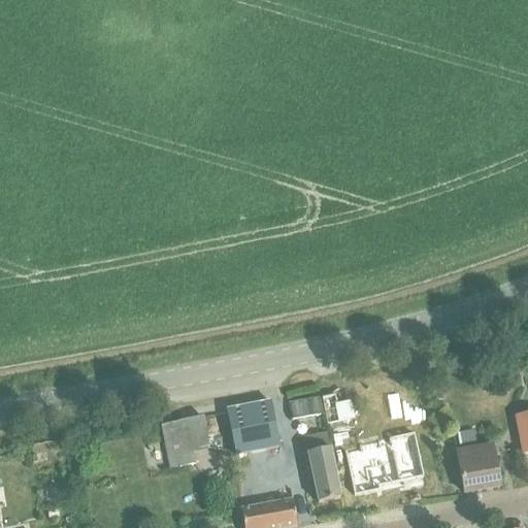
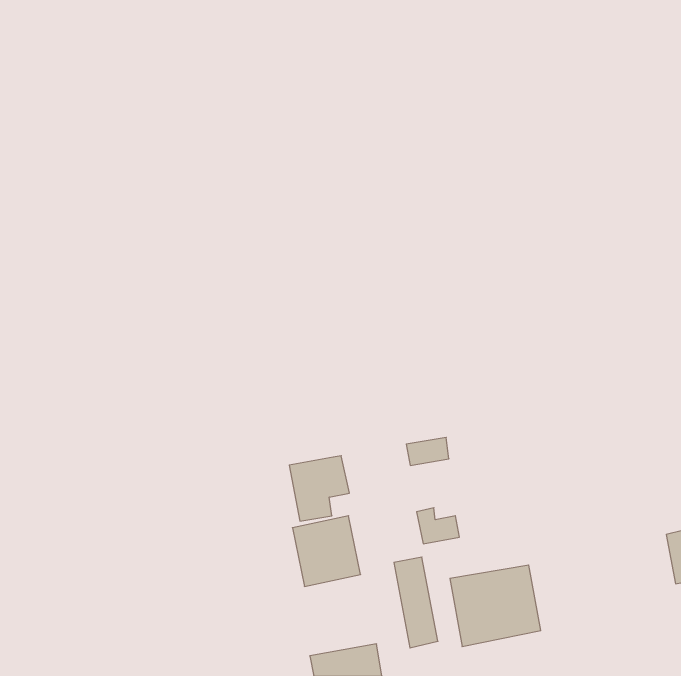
building: [290,395,323,417] -> [406,437,449,465]
building: [162,415,208,465] -> [289,456,349,521]
building: [457,442,500,489] -> none

